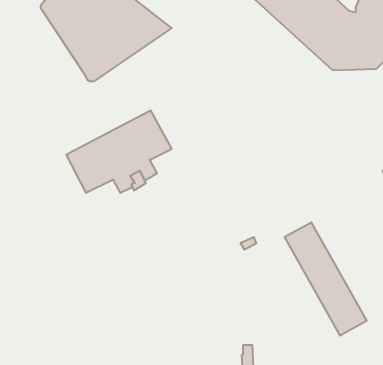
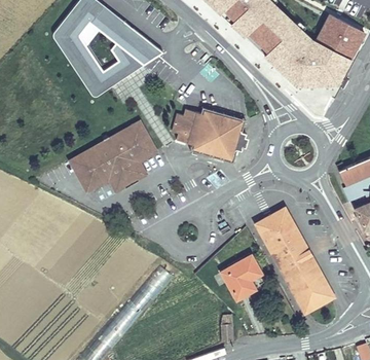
building: none -> [178,111,252,159]
building: none -> [256,210,332,312]
building: none -> [221,256,260,300]

